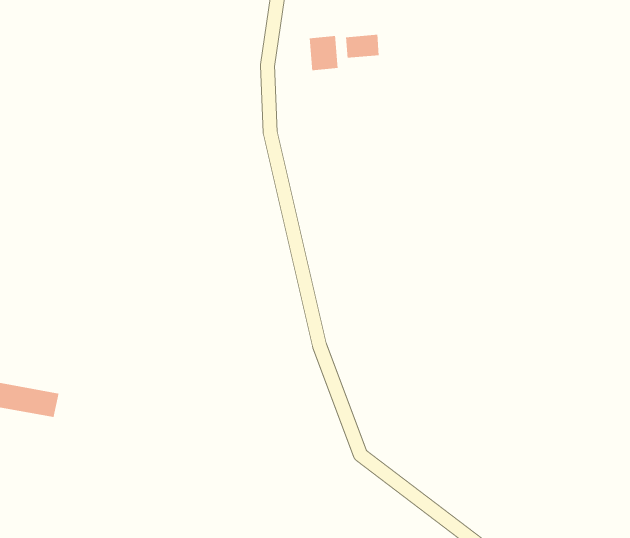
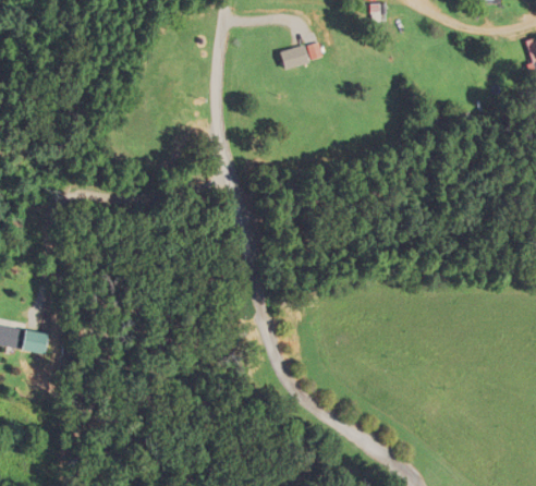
building: [309,35,339,71] -> none

